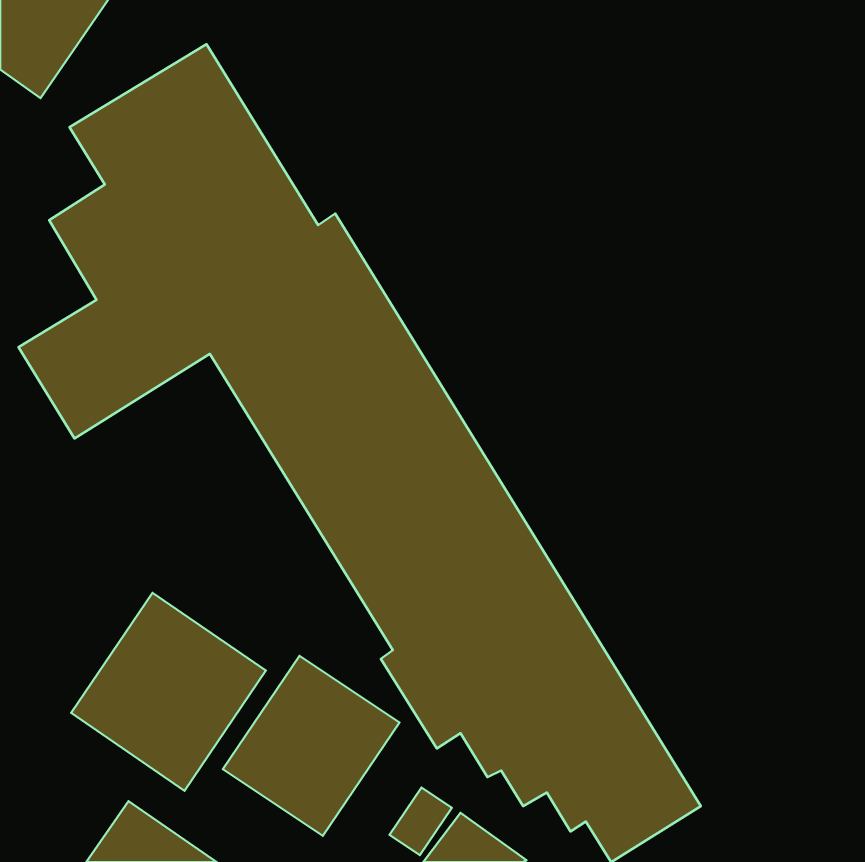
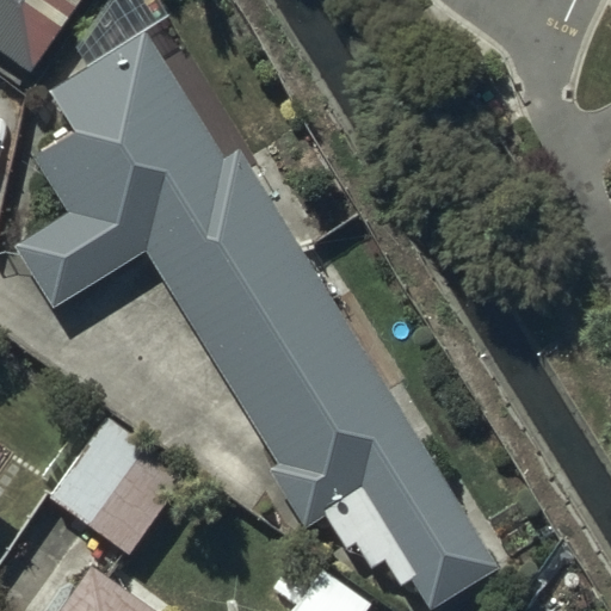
building: [223,656,399,836] -> none

